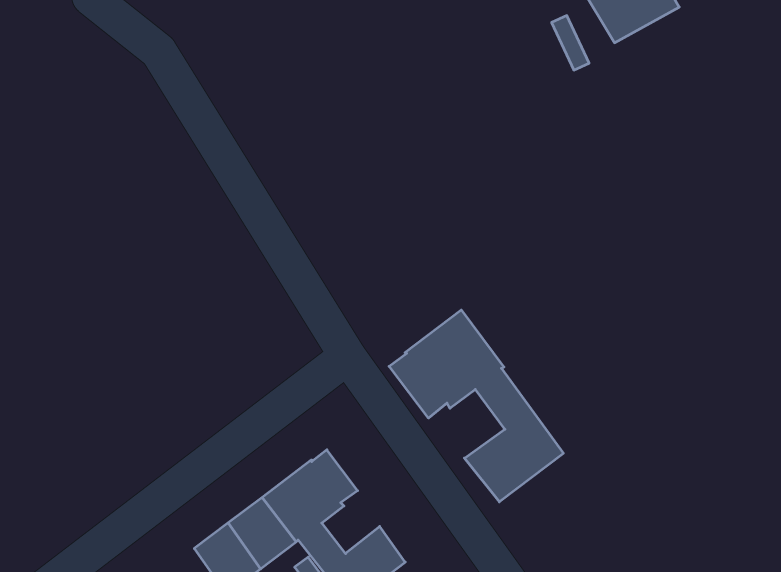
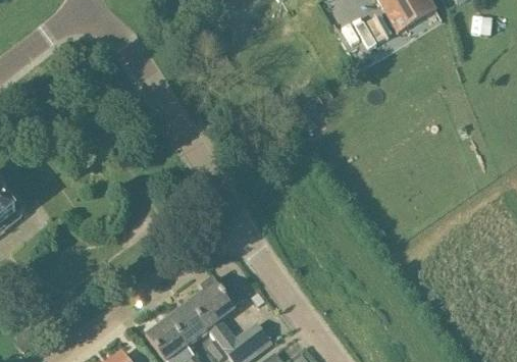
building: [389,310,563,502] -> none

